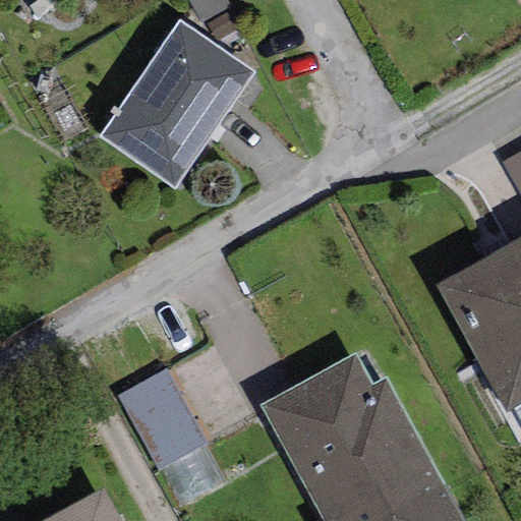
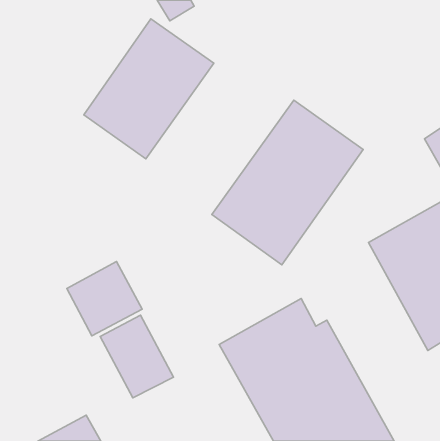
building: none -> [212,100,363,265]
building: none -> [67,262,142,336]

